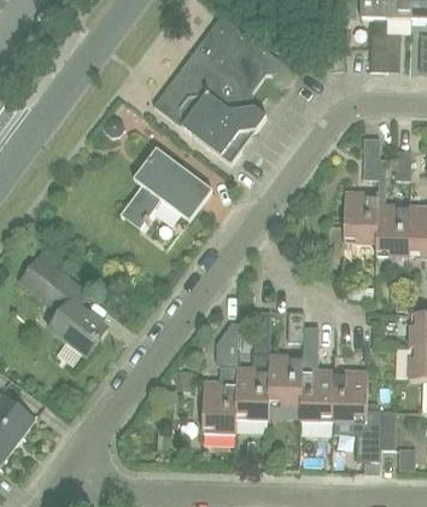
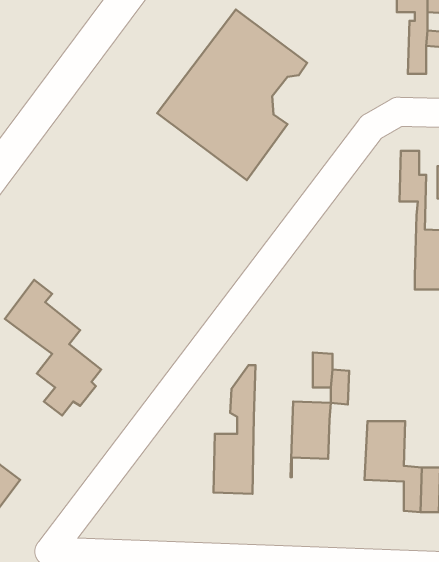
building: [121,150,210,228] -> none
building: [327,191,376,253] -> none
building: [235,310,271,432] -> none
building: [300,368,334,420] -> none

